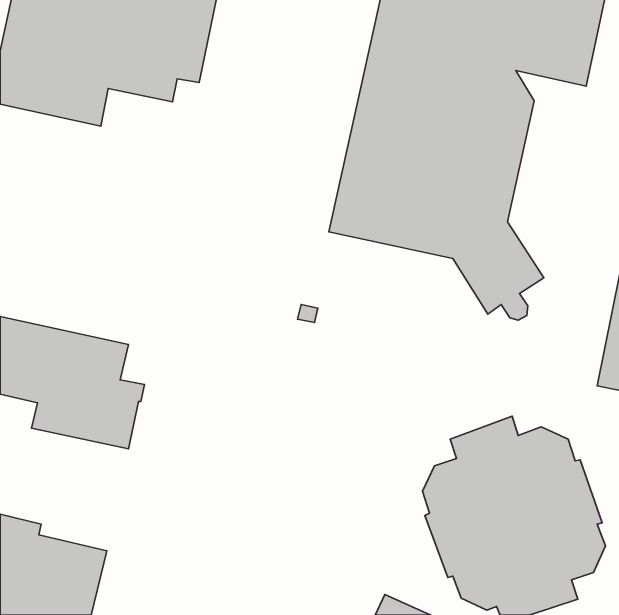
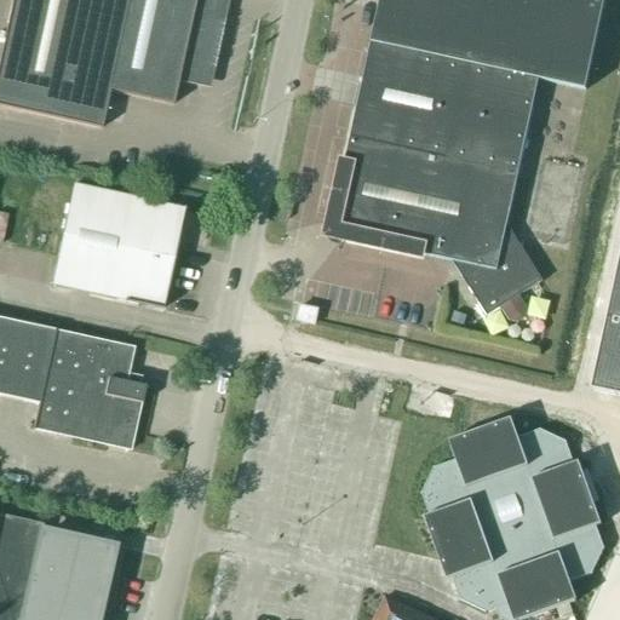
building: none -> [51,183,184,306]

